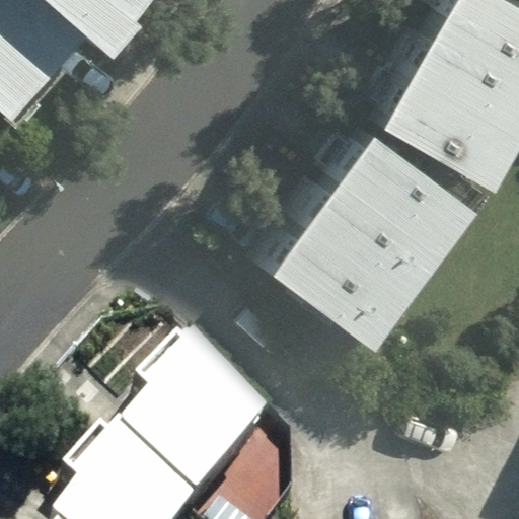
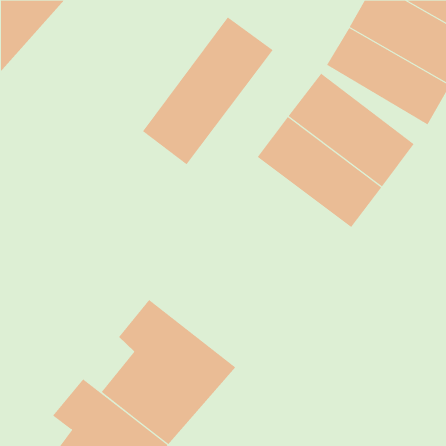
building: none -> [142,17,273,165]
building: [270,193,412,320] -> none

